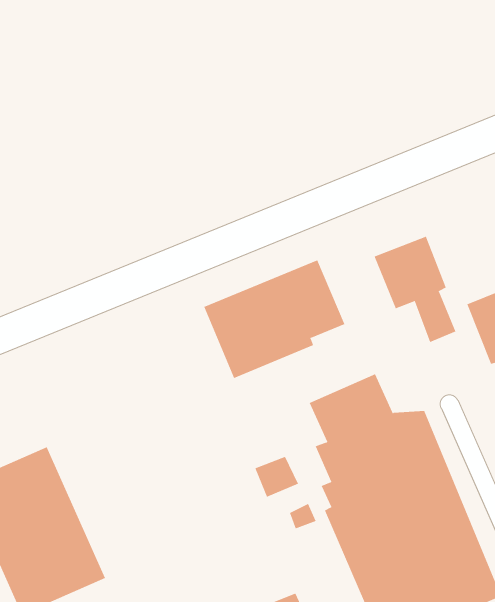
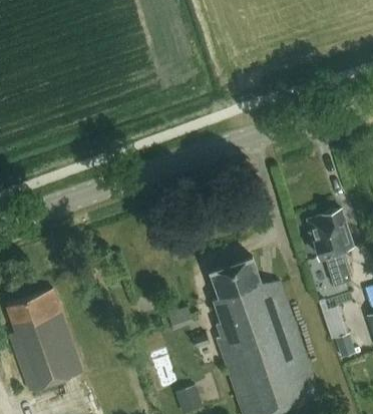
building: [374,236,456,343] -> none
building: [204,259,345,379] -> none

